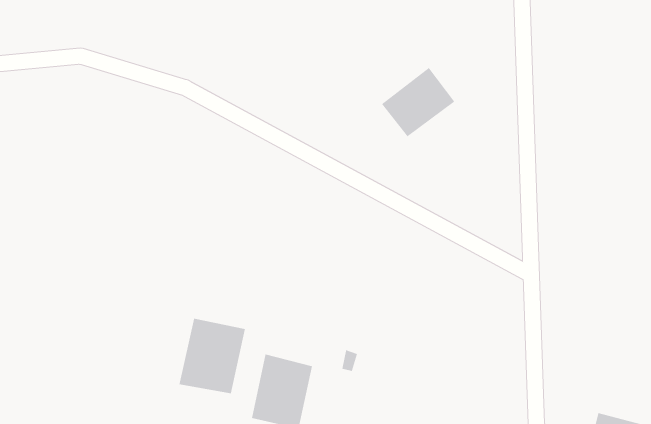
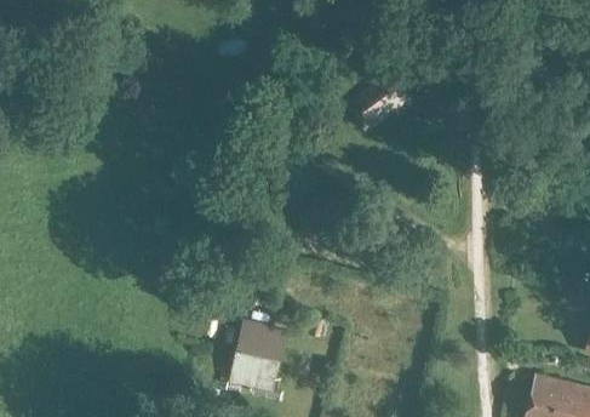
building: [179,318,245,394] -> none

